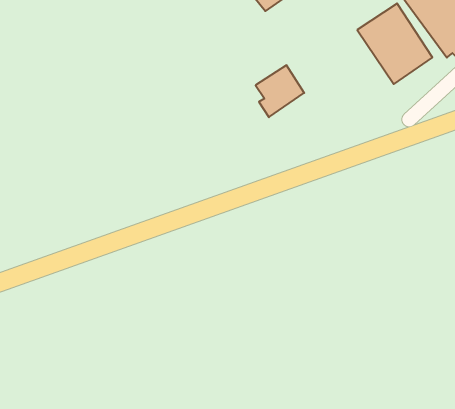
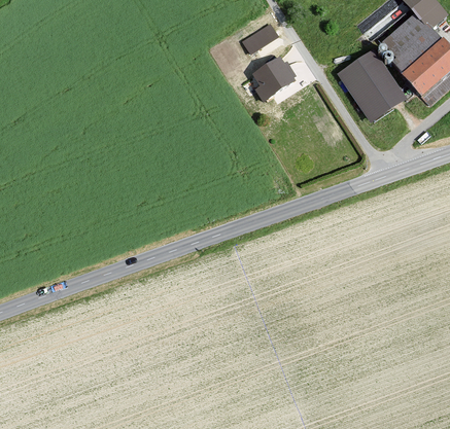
building: [256,65,304,117] -> [251,55,297,103]

